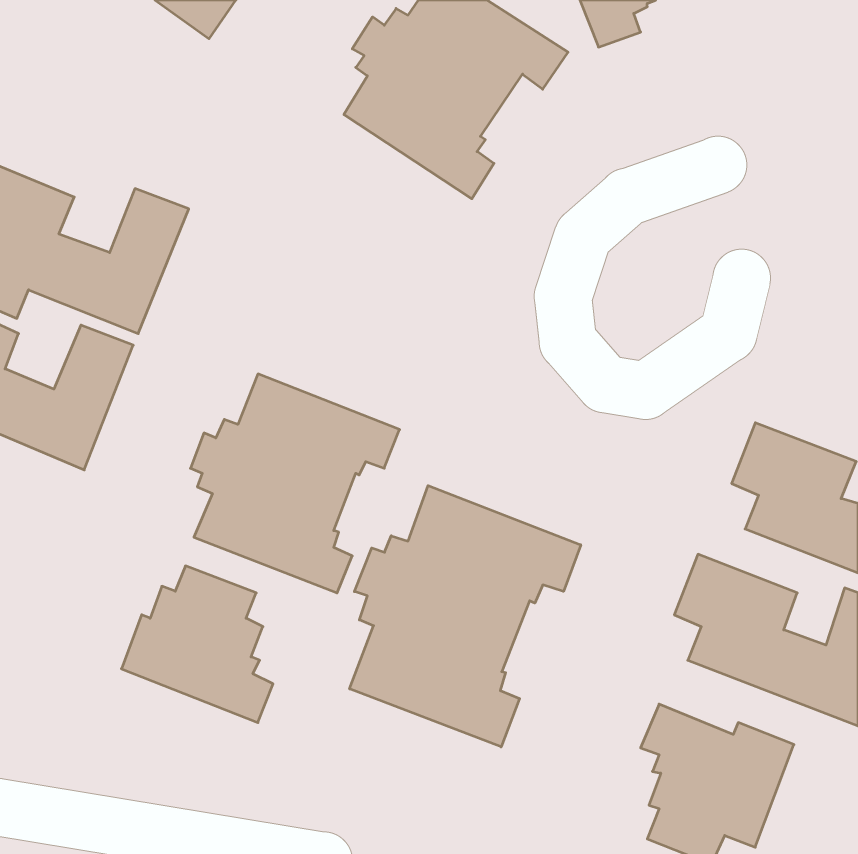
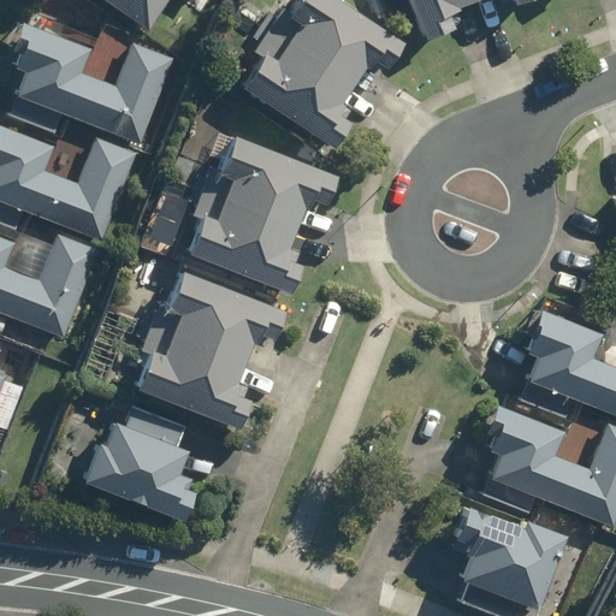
building: none -> [8,20,171,144]
building: none -> [188,136,337,295]
building: [350,486,581,747] -> none

